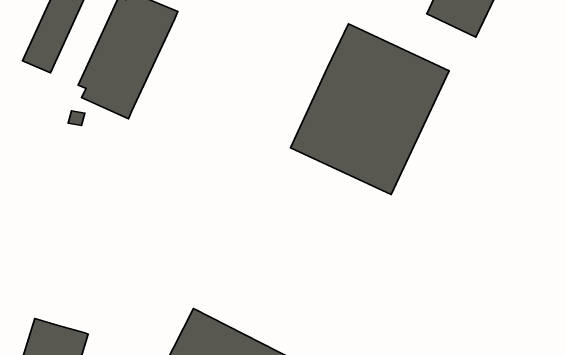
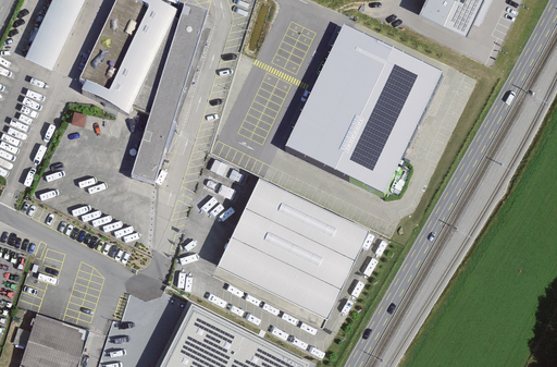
building: none -> [131,9,207,187]
building: none -> [216,176,368,317]

